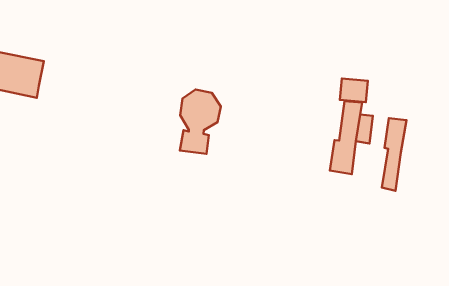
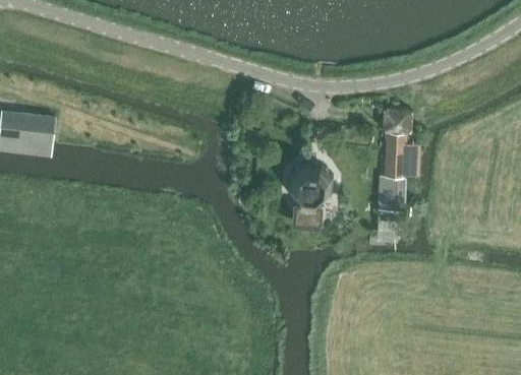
building: [180,89,221,154] -> [288,161,332,230]
building: [382,118,407,191] -> none

